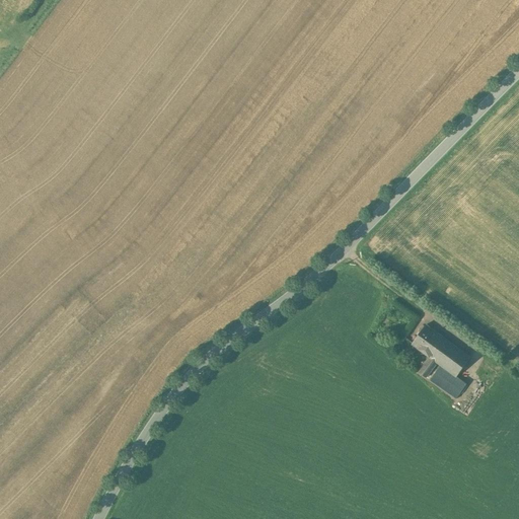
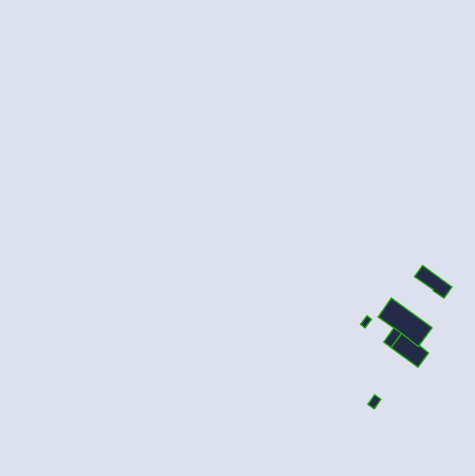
building: none -> [415,265,452,298]

